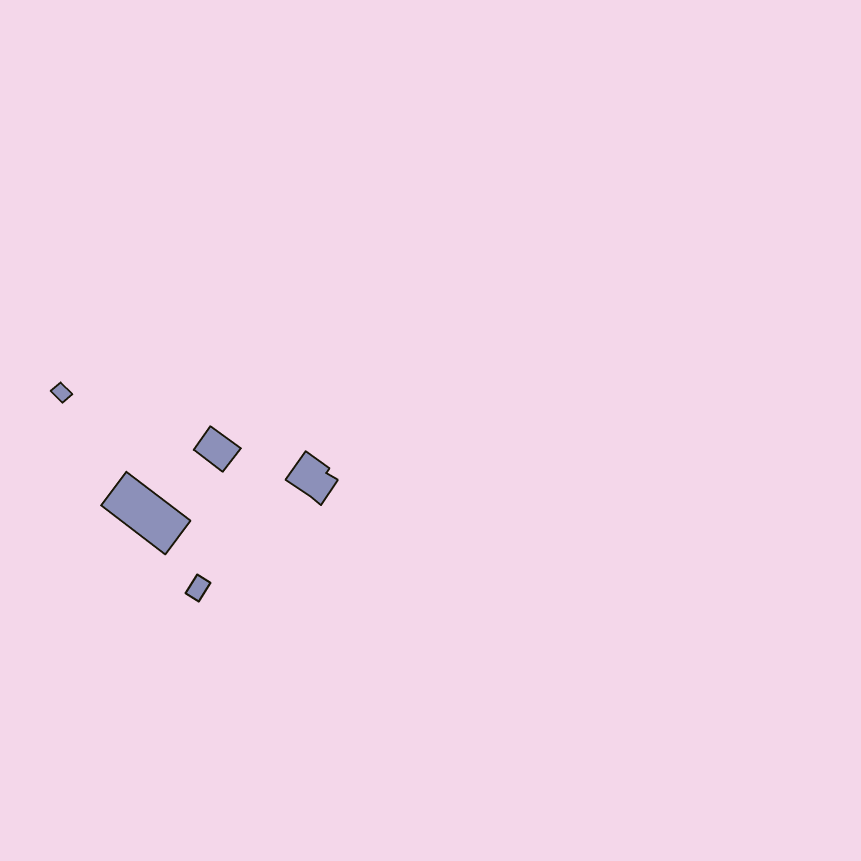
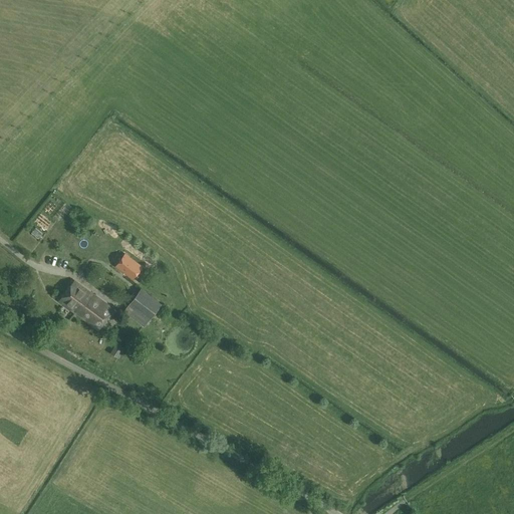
building: [286,451,338,505] -> [126,289,158,321]

